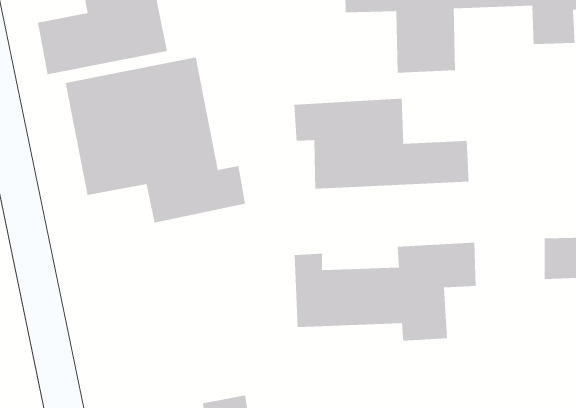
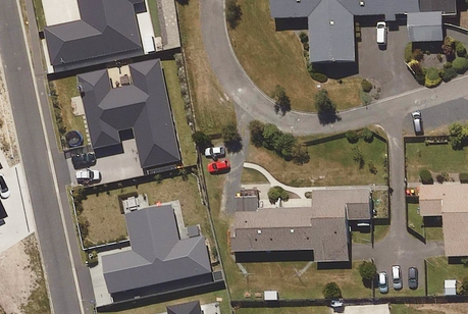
building: [294,98,469,189] -> none
building: none -> [102,193,211,293]

